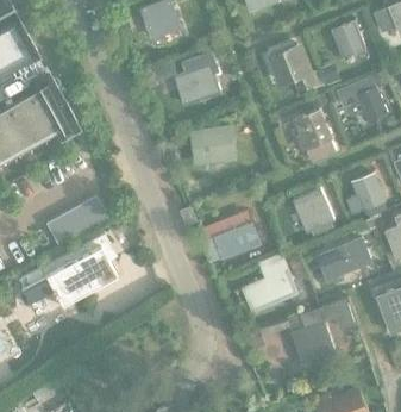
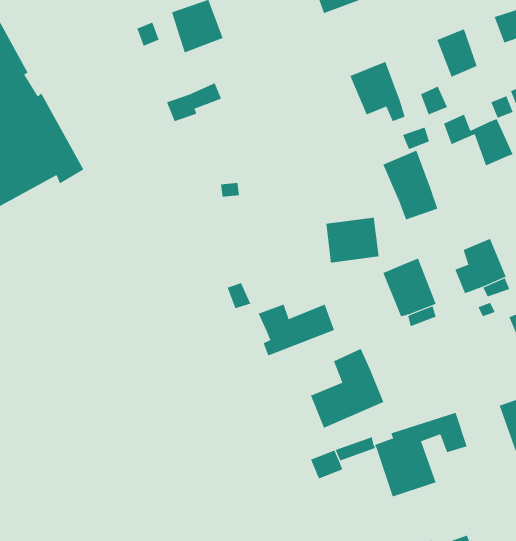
building: [173,51,219,105] -> none
building: [192,130,231,163] -> [325,217,379,263]
building: [46,195,106,243] -> none
building: [23,239,118,310] -> none
building: [315,239,369,281] -> none

